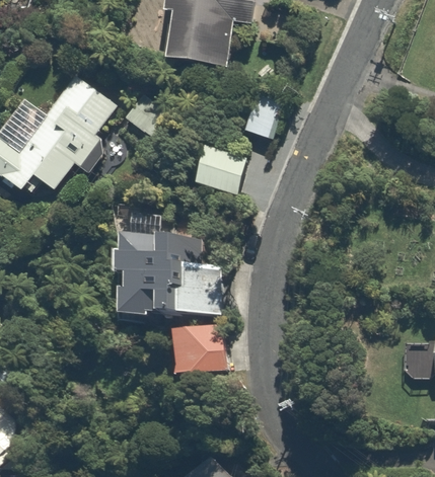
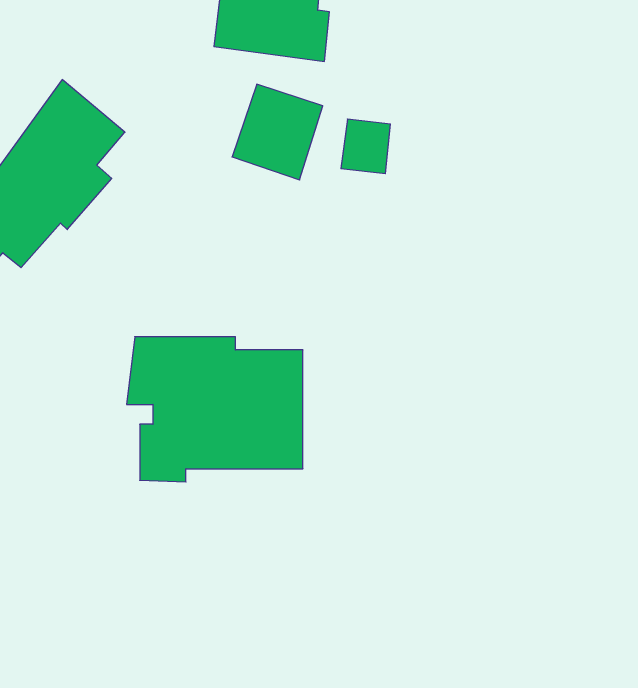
building: [192,141,247,200] -> [232,84,323,180]
building: [172,323,227,377] -> none

